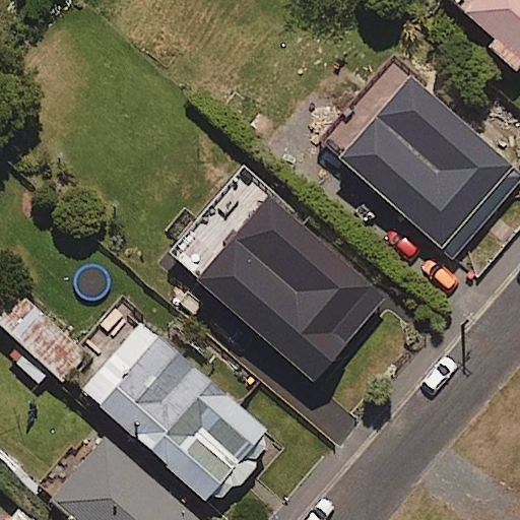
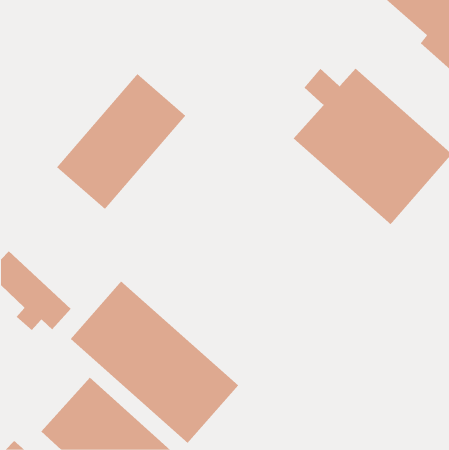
building: none -> [56,73,186,210]
building: [188,188,386,382] -> none

